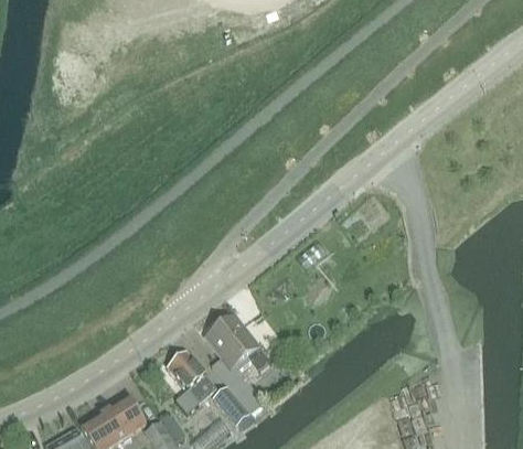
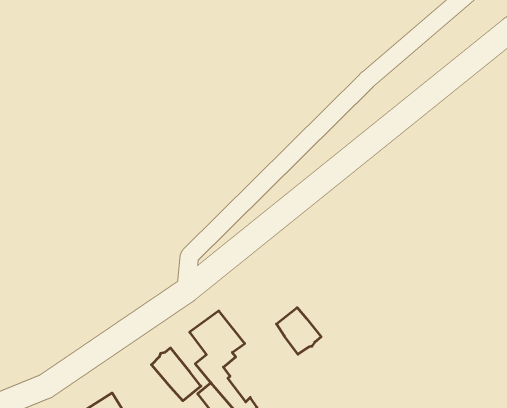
building: none -> [276,308,321,354]

